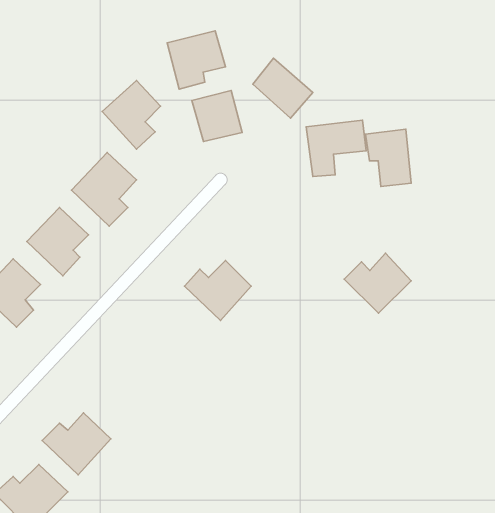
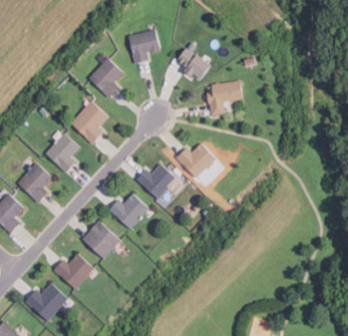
building: [192,90,242,141] -> none
building: [366,129,411,187] -> none
building: [344,253,411,313] -> [177,142,216,178]
building: none -> [108,193,148,228]
building: none -> [82,220,120,258]

